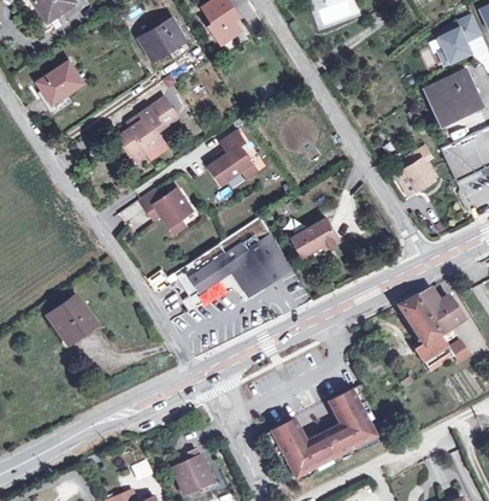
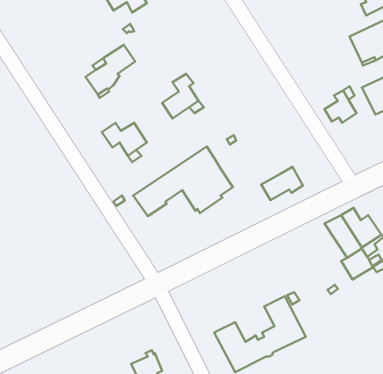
building: [37,61,83,102] -> none
building: [291,217,340,255] -> [261,167,303,200]
building: [46,295,95,343] -> none

